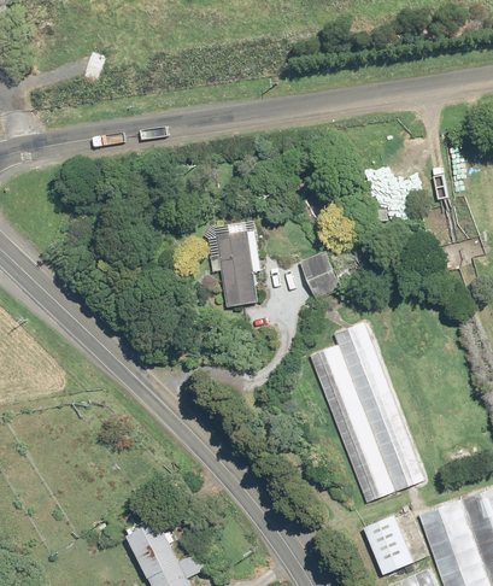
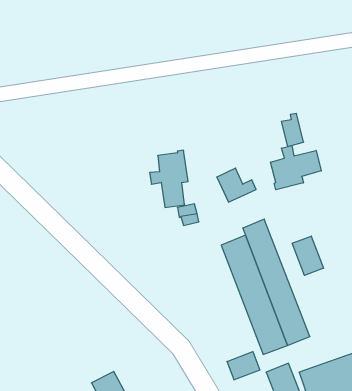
building: none -> [271,146,321,190]
building: none -> [292,236,324,275]
building: none -> [227,352,260,380]

